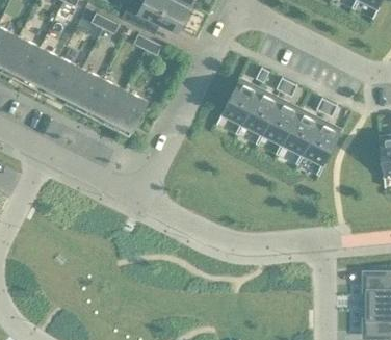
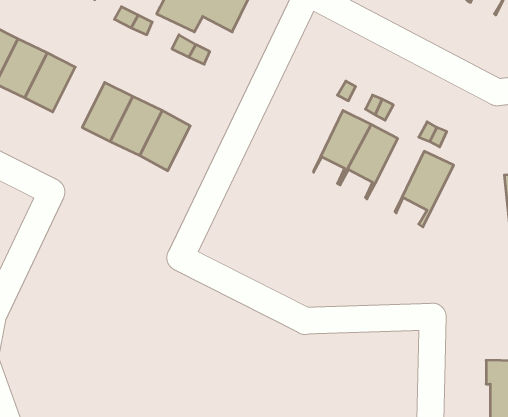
building: [44,58,82,103] -> none
building: [215,80,259,135] -> none
building: [277,111,319,165] -> none

